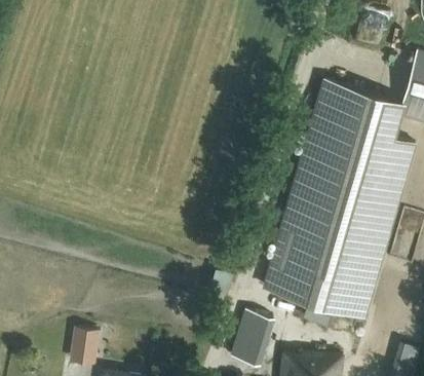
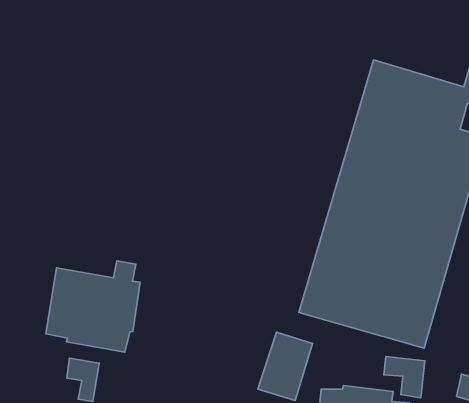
building: none -> [46,261,140,352]
building: none -> [384,356,425,398]

